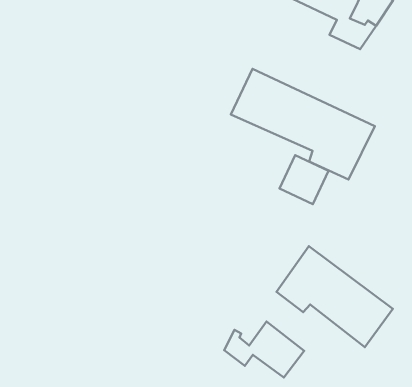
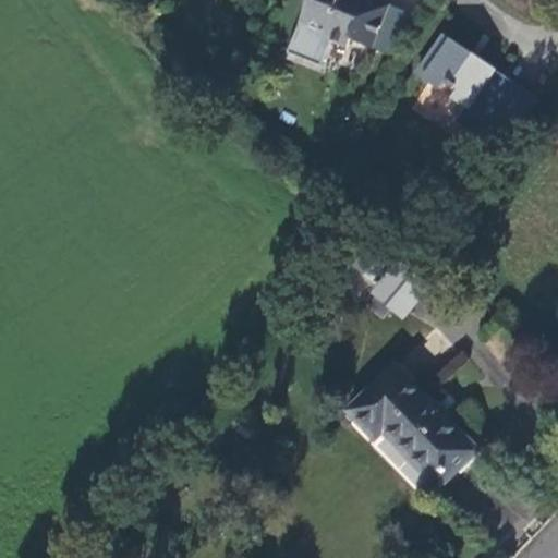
building: [231,69,375,180] -> none
building: [224,322,304,377] -> none

